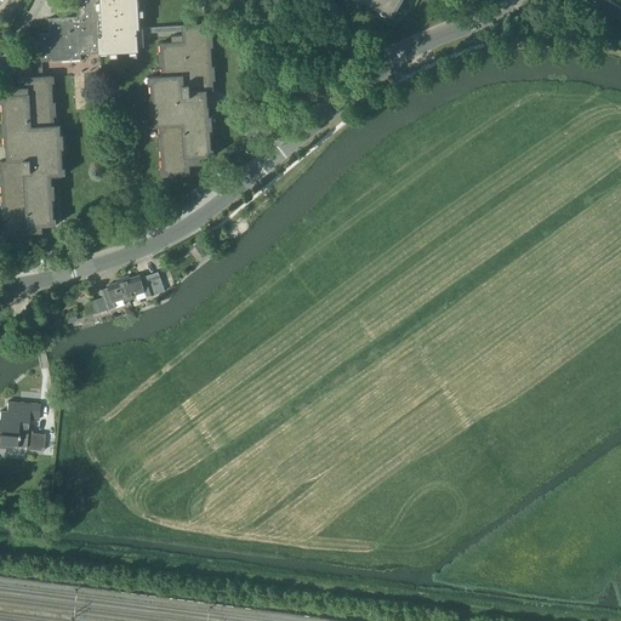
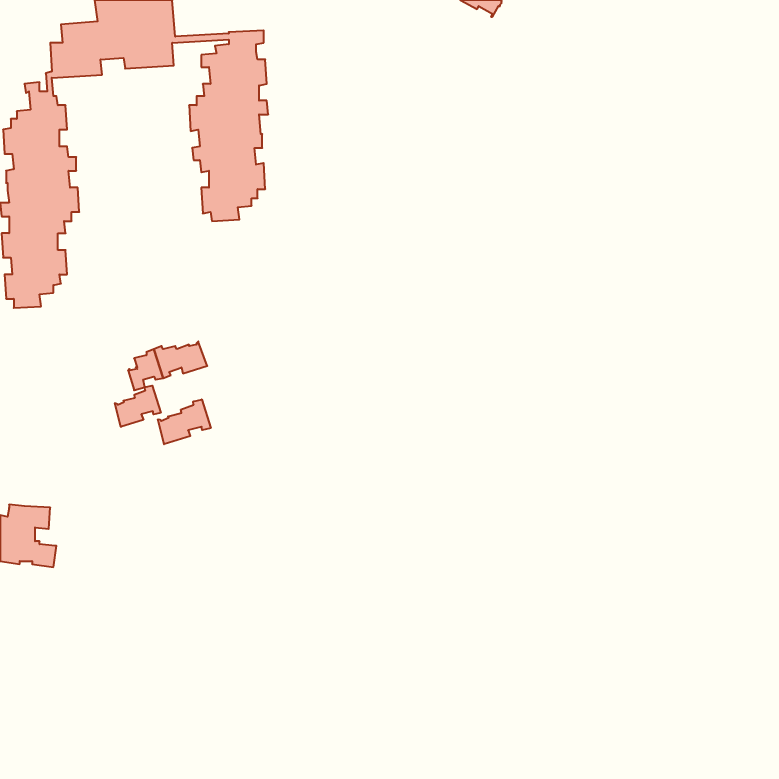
building: none -> [115,386,161,427]
building: none -> [158,399,211,444]

